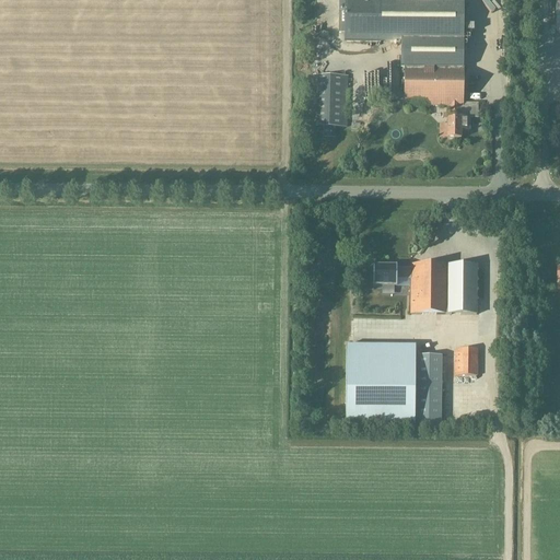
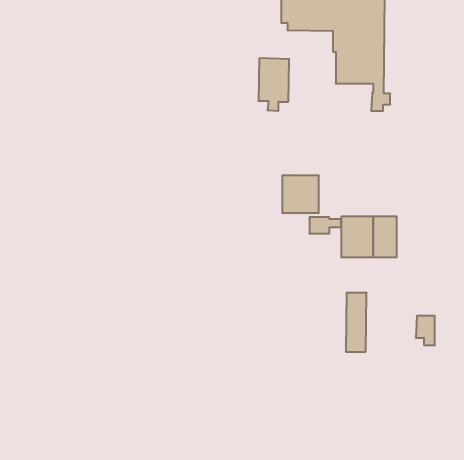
building: none -> [283,175,319,213]
building: [347,341,413,421] -> none
building: [455,345,478,380] -> [416,316,435,345]

